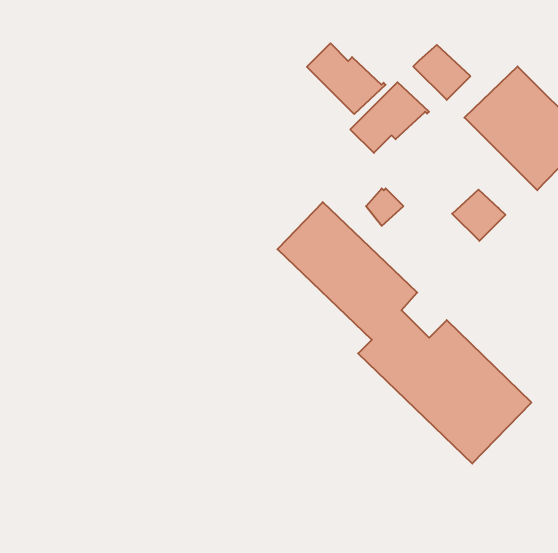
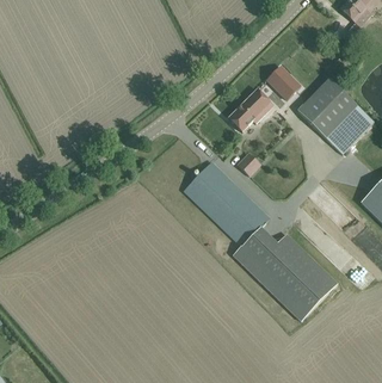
building: [307,43,386,114] -> none
building: [452,190,505,241] -> none

